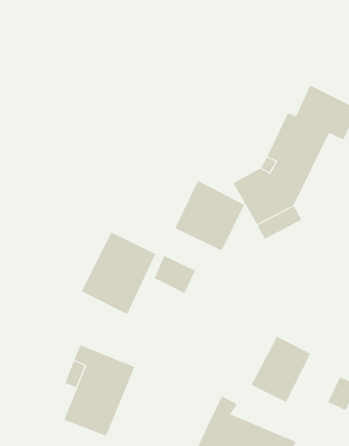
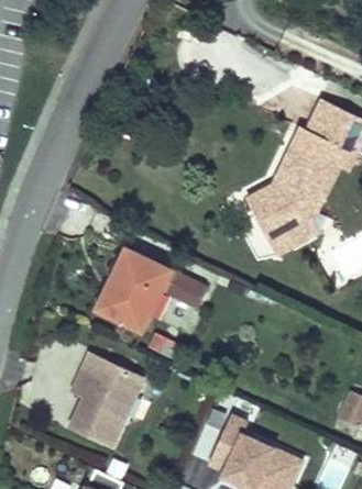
building: [174,180,245,251] -> none
building: [251,336,311,403] -> none

